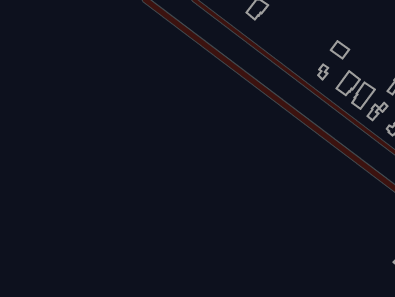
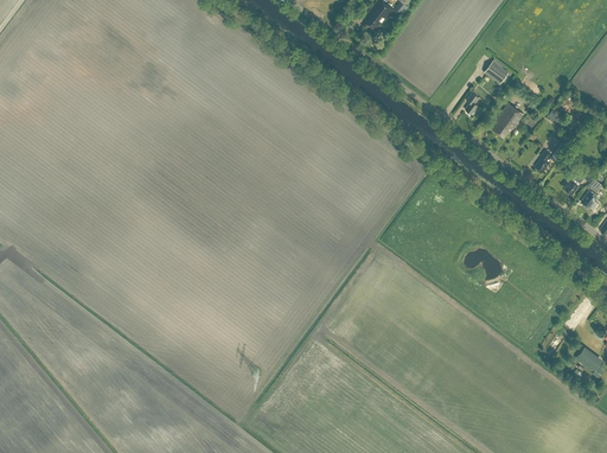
building: [352,82,375,109] -> none

